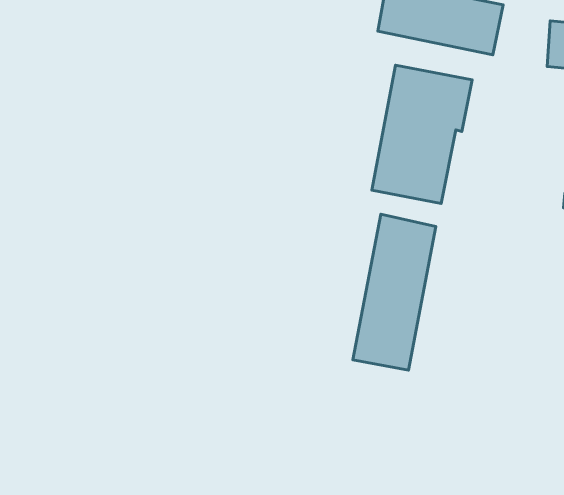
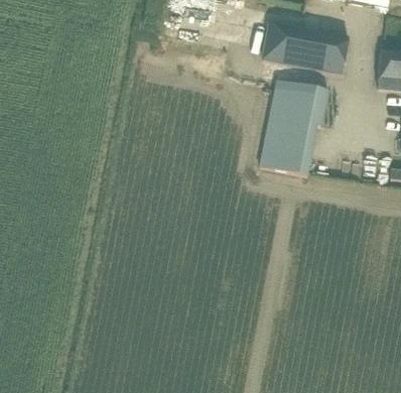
building: [353,214,436,370] -> none

